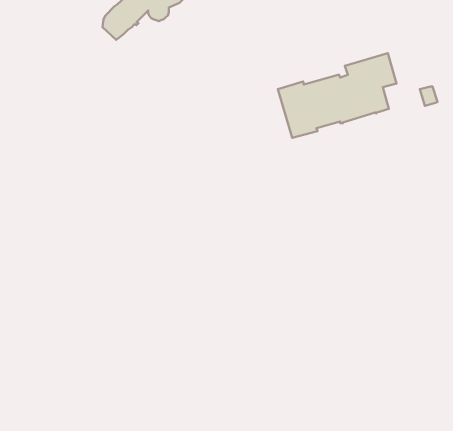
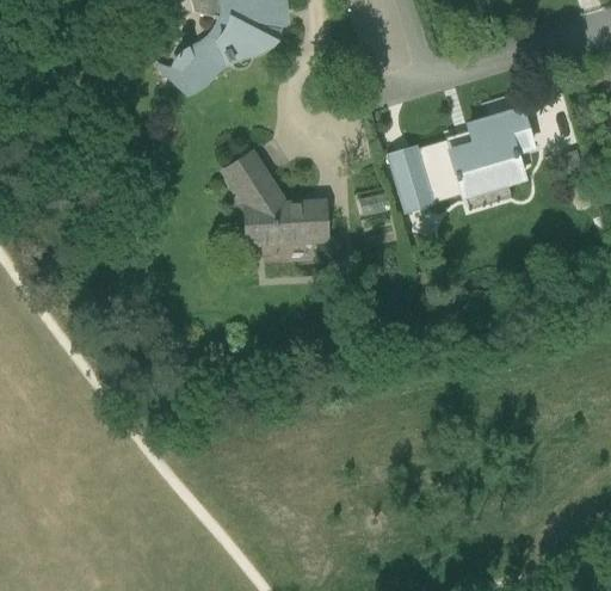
building: none -> [224,153,328,244]

